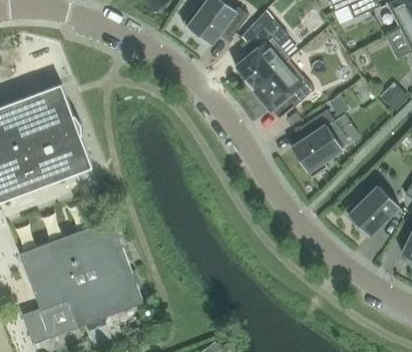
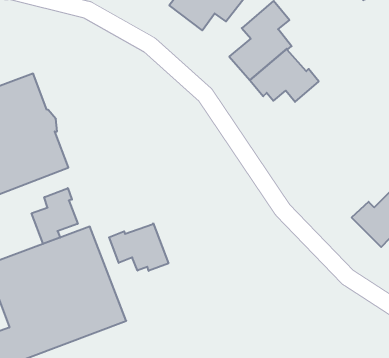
building: [291,109,347,179] -> none
building: none -> [32,188,78,244]
building: none -> [109,223,168,271]

